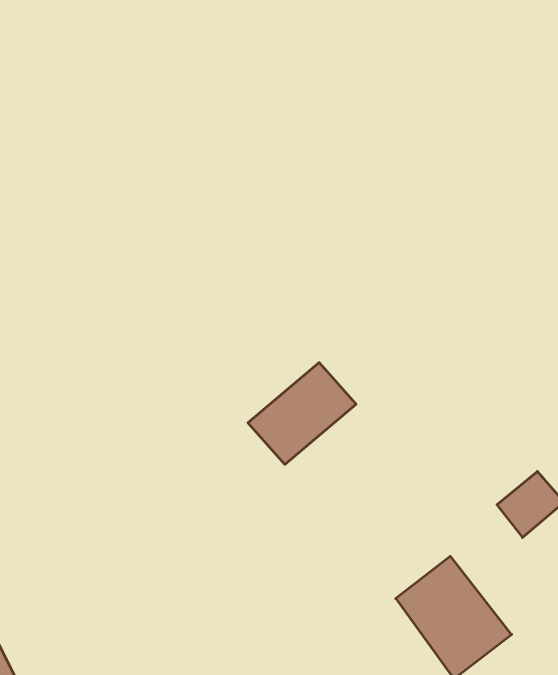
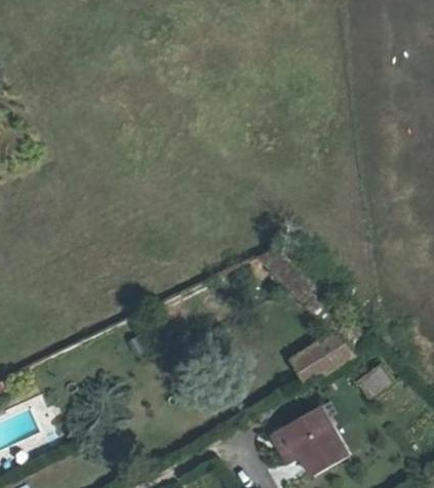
building: [248,363,356,464] -> [283,328,349,385]

